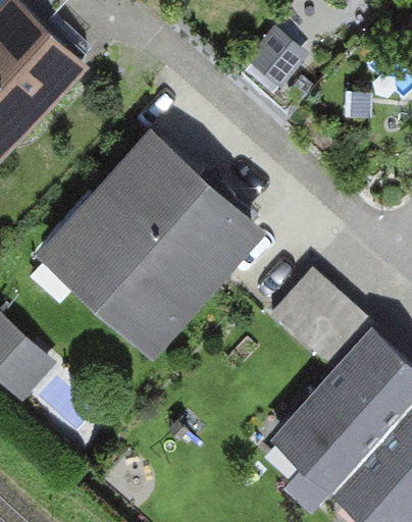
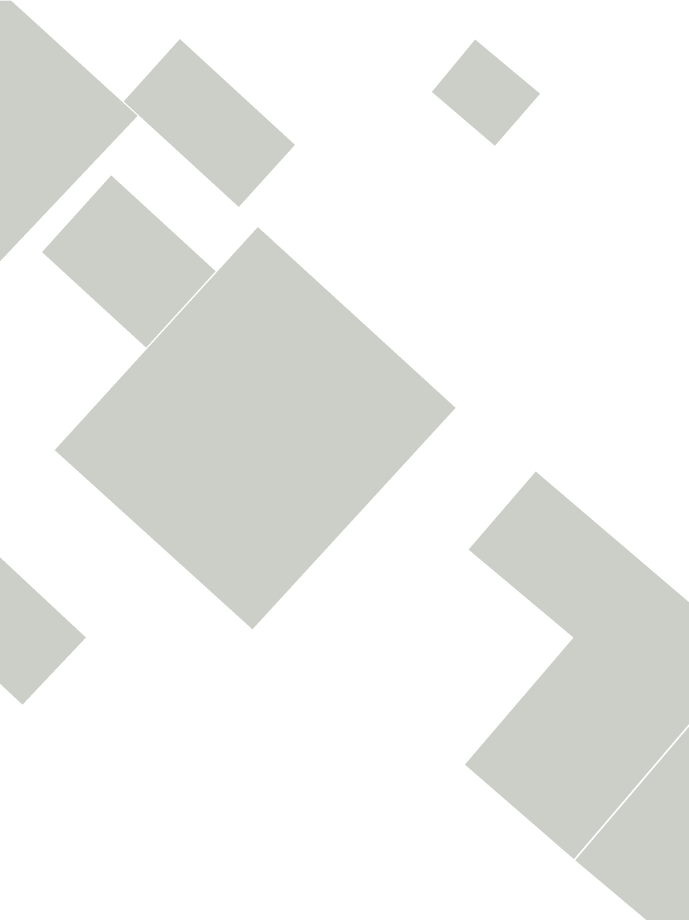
building: none -> [123,38,296,208]
building: none -> [41,175,217,349]

